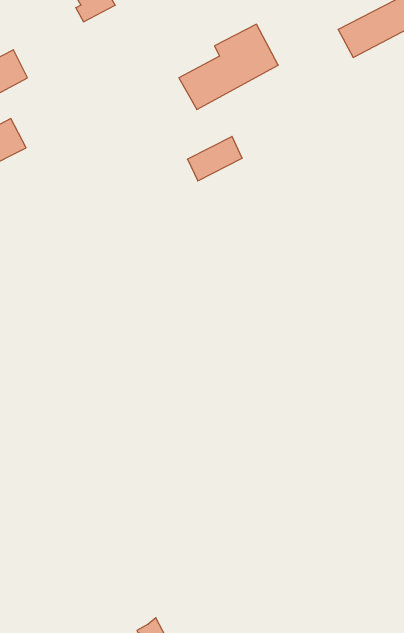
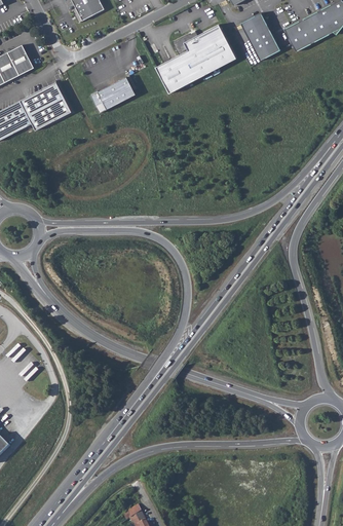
building: none -> [240,12,280,61]
building: none -> [20,82,71,130]
building: [187,136,242,181] -> [90,77,135,113]

